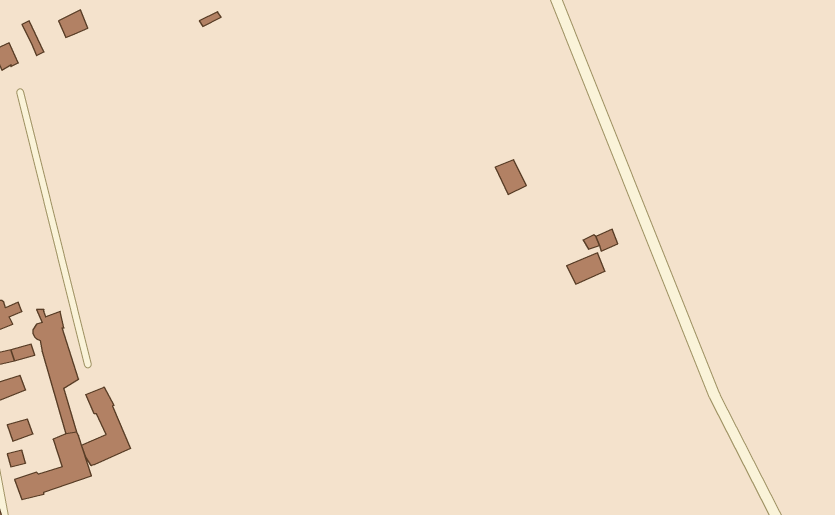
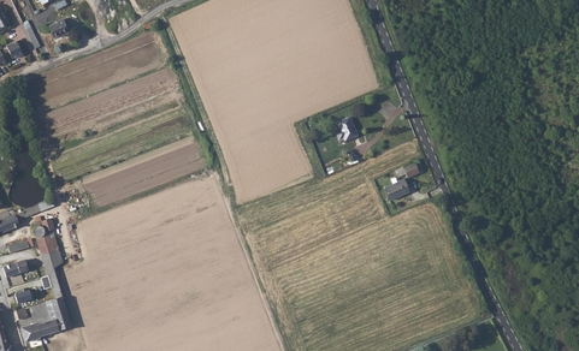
building: [82,387,130,466] -> none

